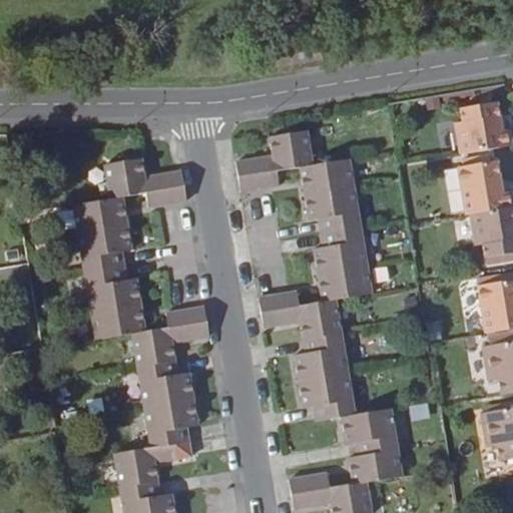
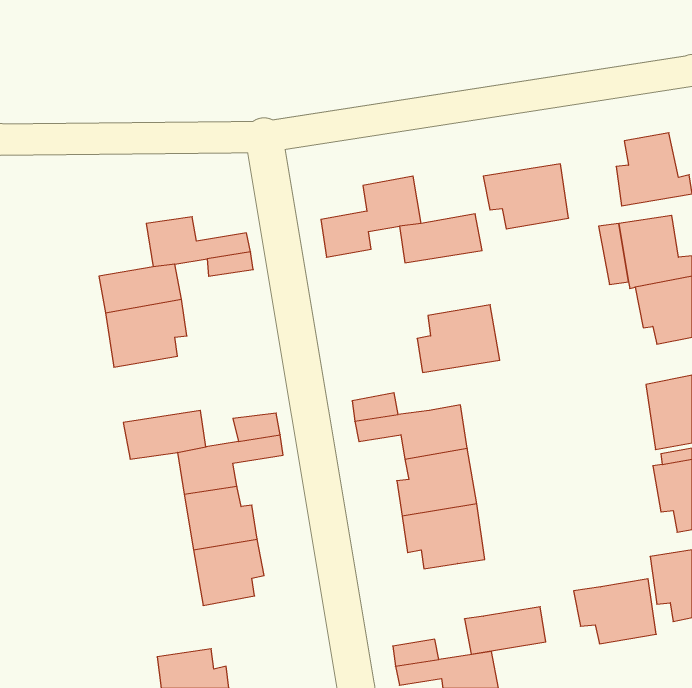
building: [300,185,363,233] -> [483,164,569,229]
building: [84,264,148,313] -> none
building: [313,267,375,304] -> none
building: [339,408,400,456] -> [574,579,656,644]
building: [110,441,190,486] -> none

